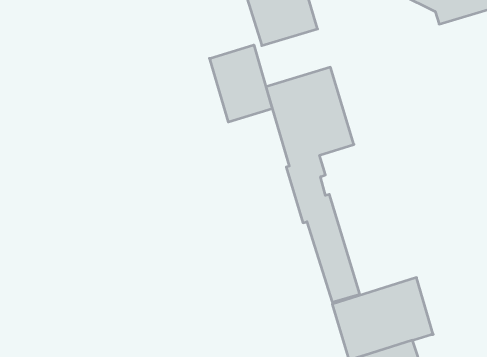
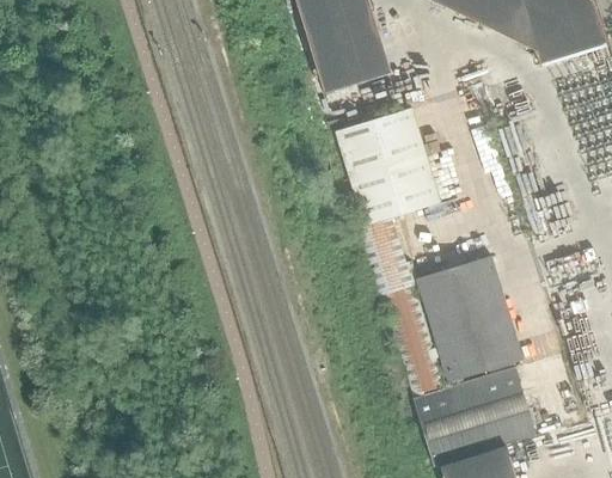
building: [209,45,272,122] -> none
building: none -> [415,264,520,392]

